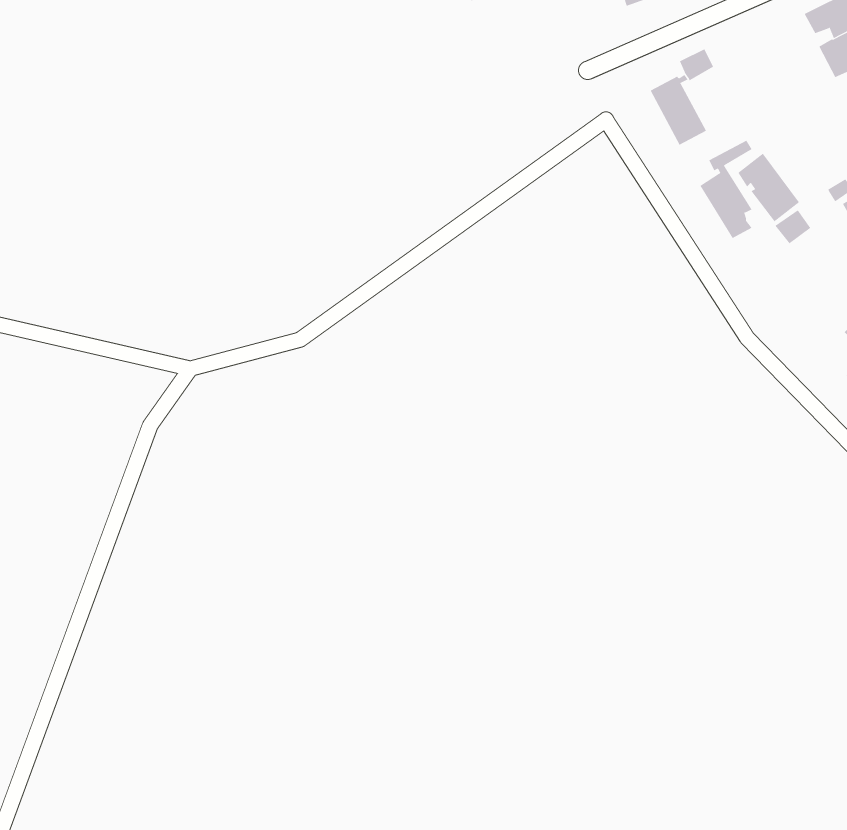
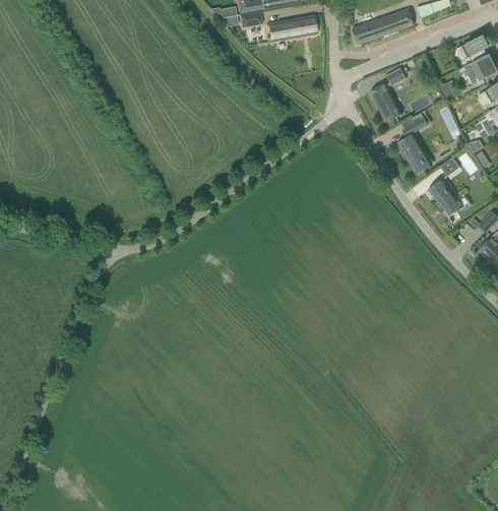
building: [738,153,800,222] -> [428,178,462,216]

